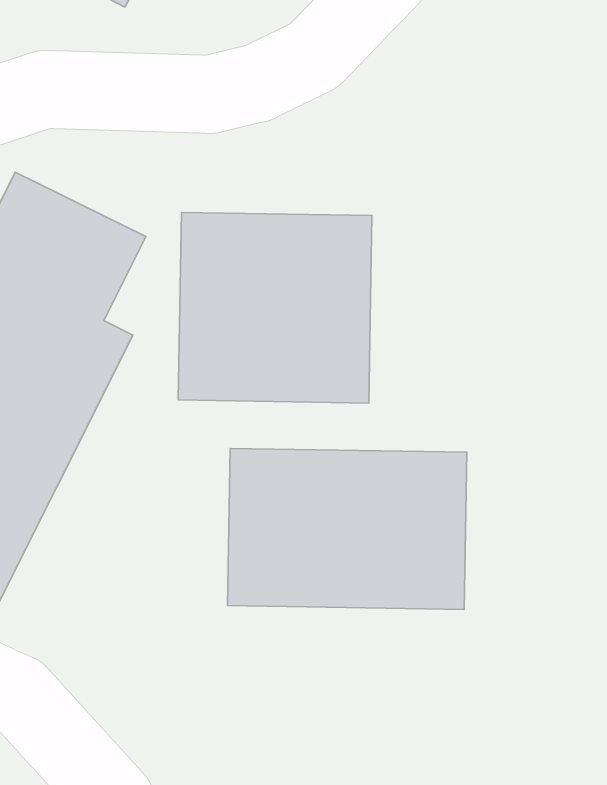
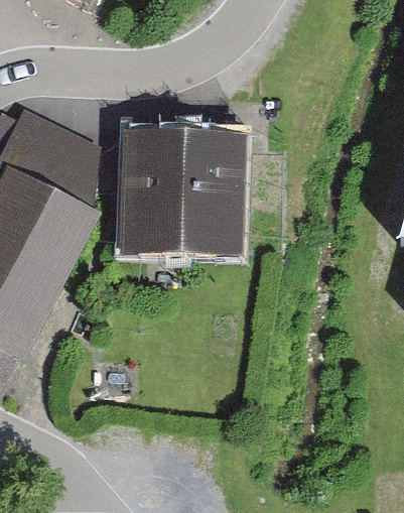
building: [227,448,467,610] -> none

